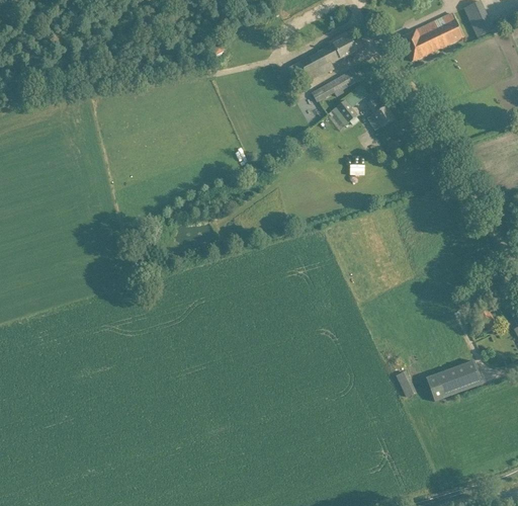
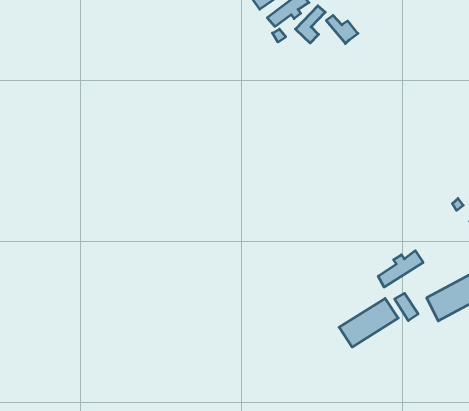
building: none -> [378,251,423,287]
building: none -> [339,298,398,347]

